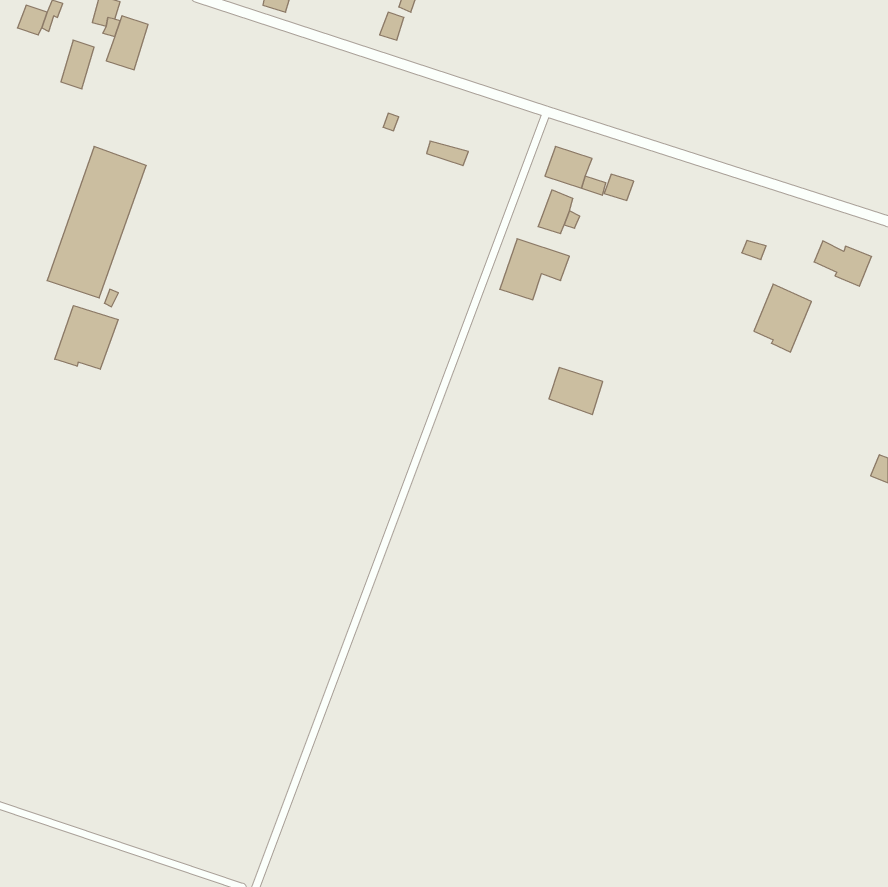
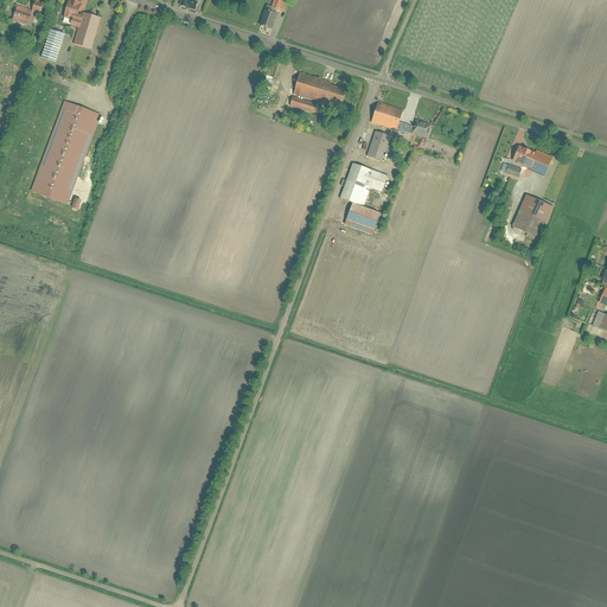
building: none -> [293,71,346,106]
building: [814,241,872,286] -> [513,145,552,175]
building: [55,306,118,369] -> none
building: [549,368,603,415] -> [345,202,382,234]

